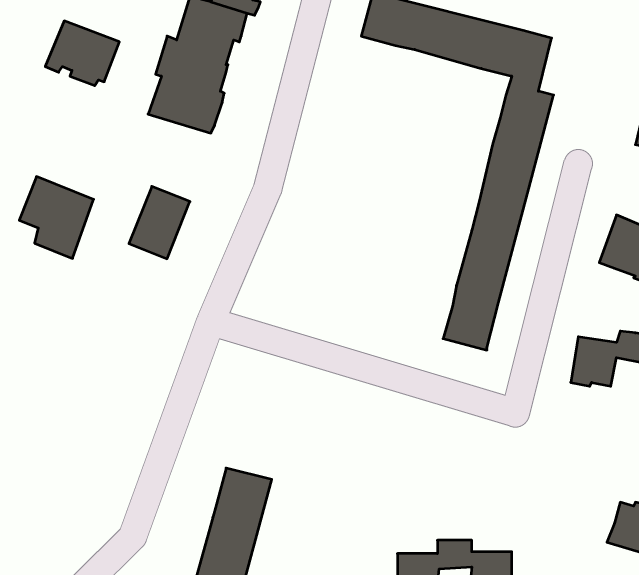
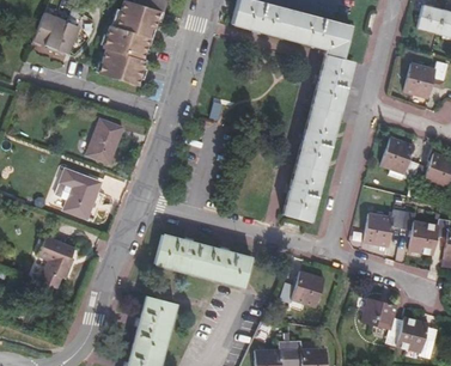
building: [19,177,94,258] -> [54,169,100,220]
building: none -> [154,234,252,287]
building: none -> [38,236,75,289]
building: none -> [280,270,323,306]
building: none -> [360,298,397,330]

